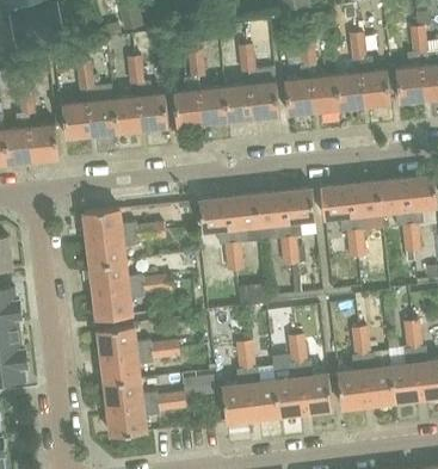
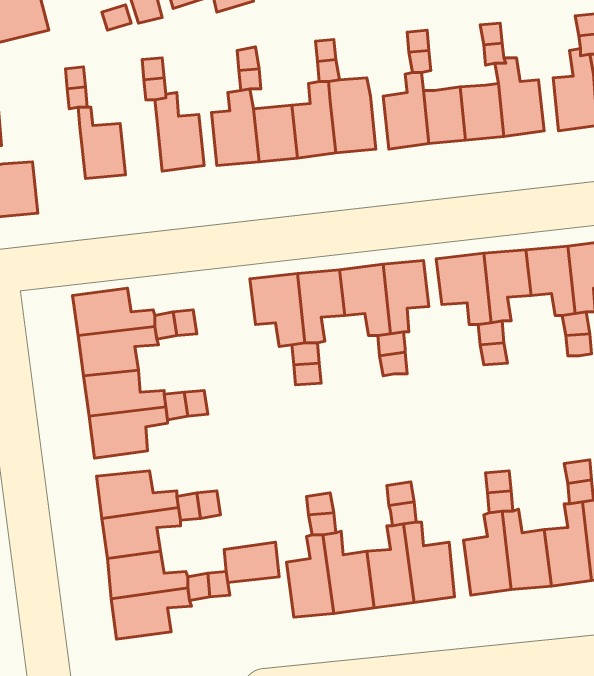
building: [113,97,141,134] -> none
building: [62,103,91,140] -> none

